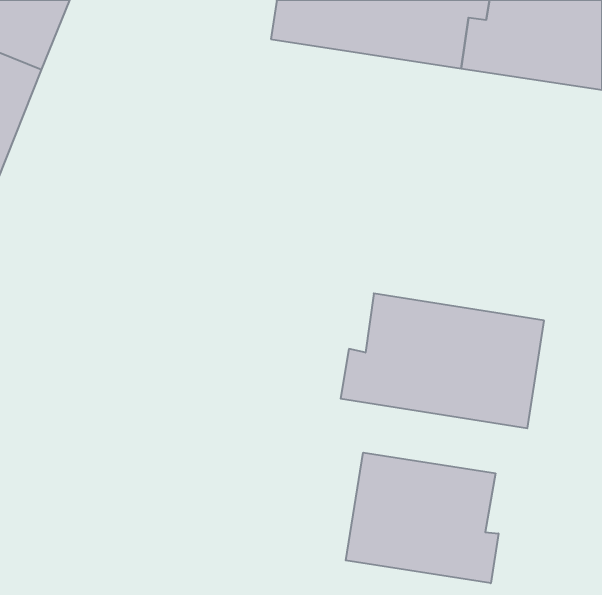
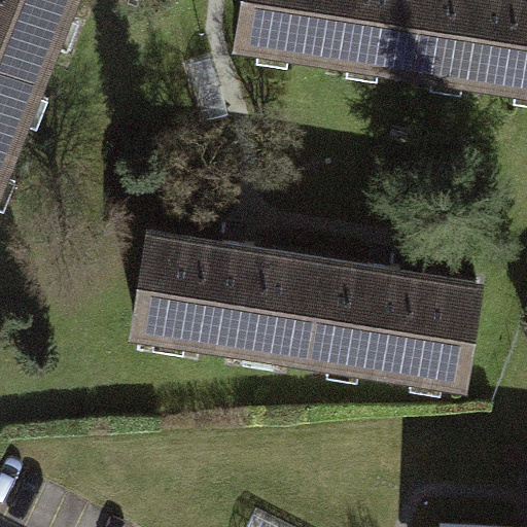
building: none -> [135,237,325,355]
building: [346,453,498,583] -> none

